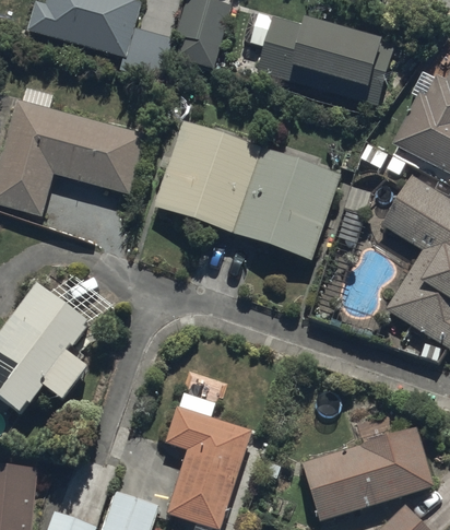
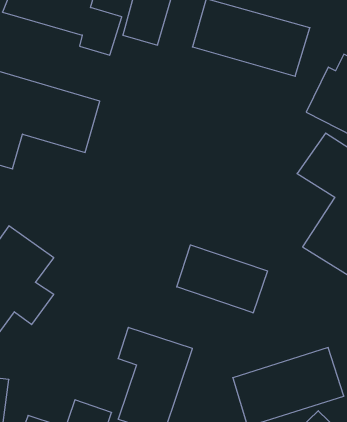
building: [153,120,341,259] -> none
building: none -> [177,245,268,313]

